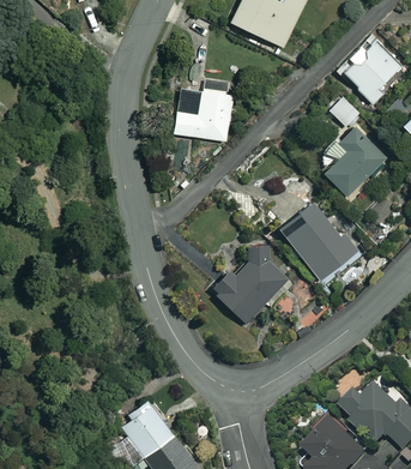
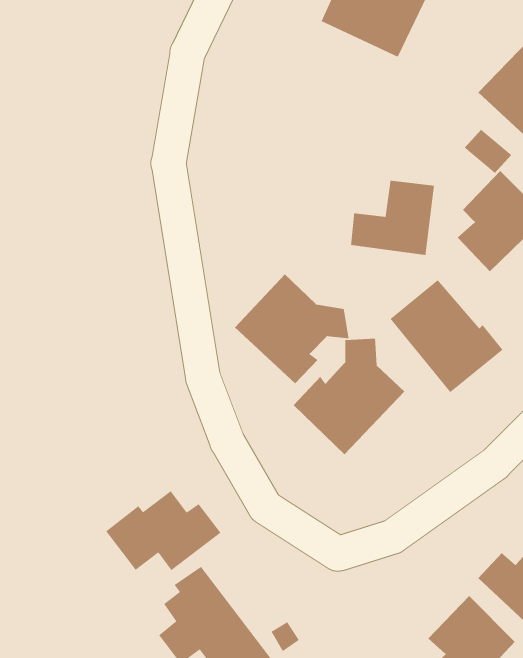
building: [174,89,232,142] -> [350,180,435,256]
building: none -> [234,274,350,384]
building: none -> [105,490,221,571]

